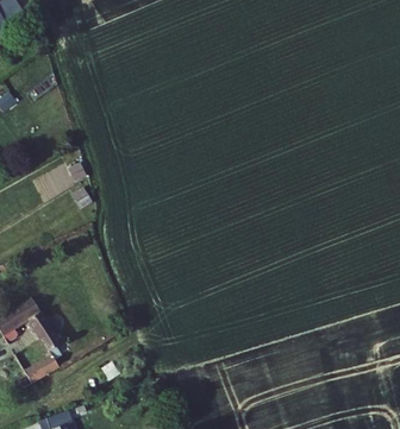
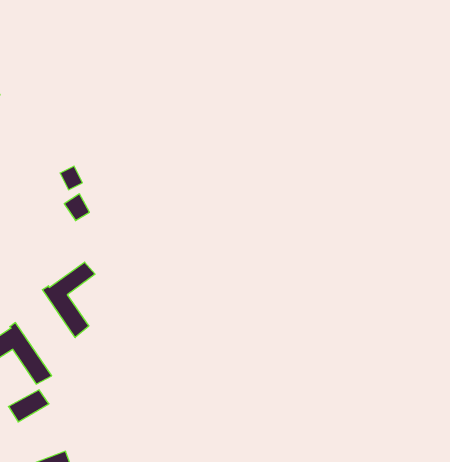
building: none -> [42,262,95,338]

